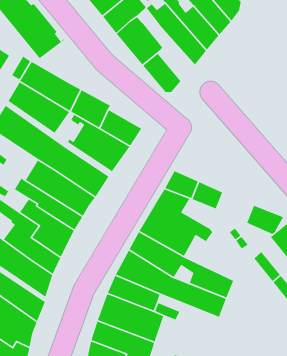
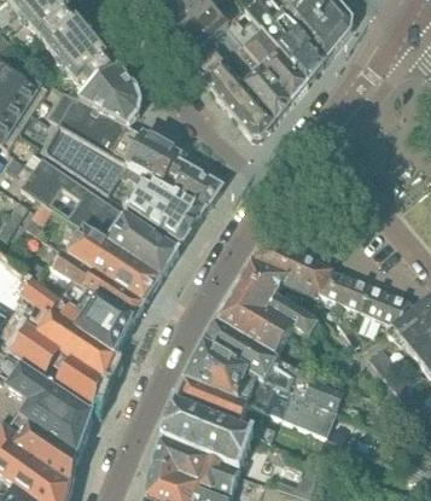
building: none -> [227,40,291,121]
building: none -> [78,66,139,124]
building: none -> [319,268,368,309]

